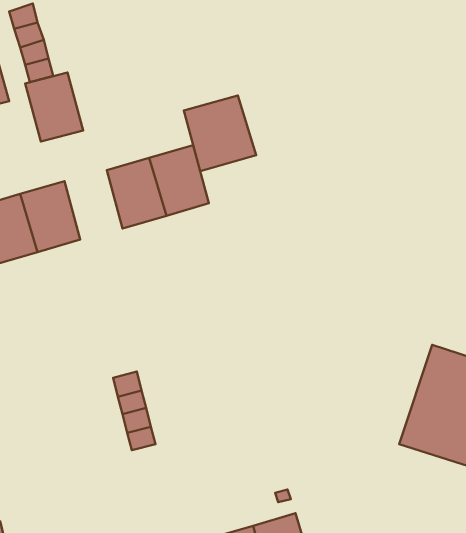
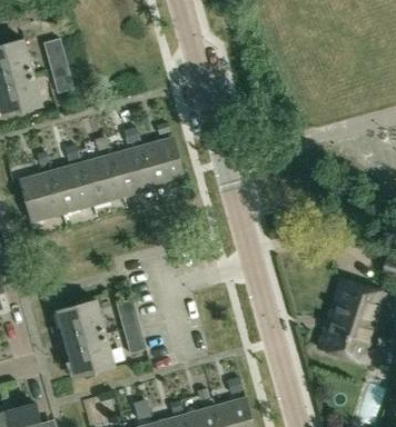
building: [25,72,83,142] -> [82,155,123,203]
building: [184,95,256,171] -> none
building: none -> [58,299,116,376]

